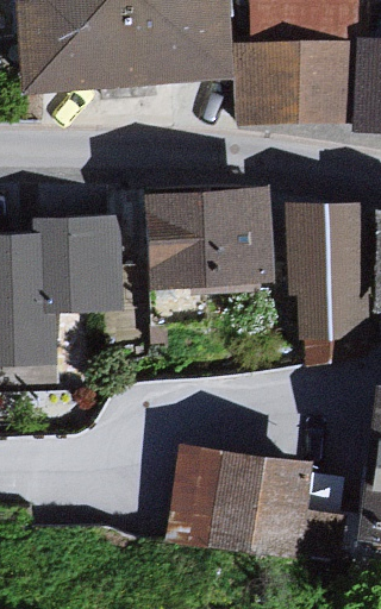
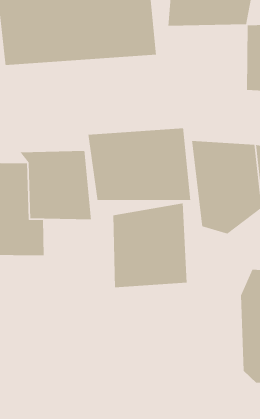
building: [244,39,356,132] -> none
building: none -> [113,202,187,288]
building: [171,446,317,560] -> none

